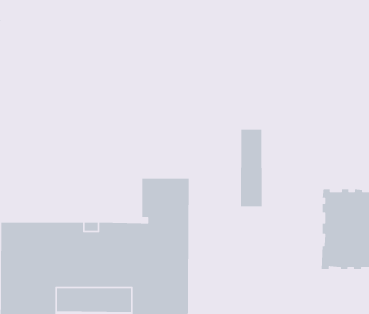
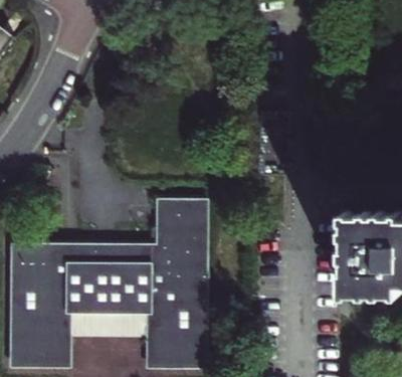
building: [240,129,263,207] -> none

